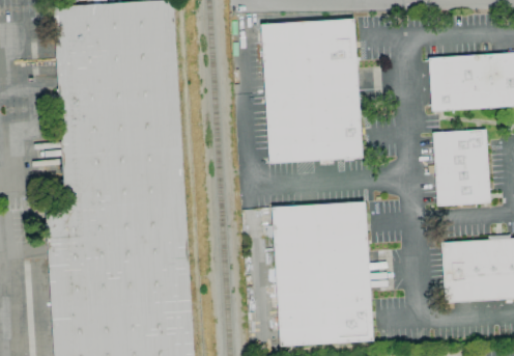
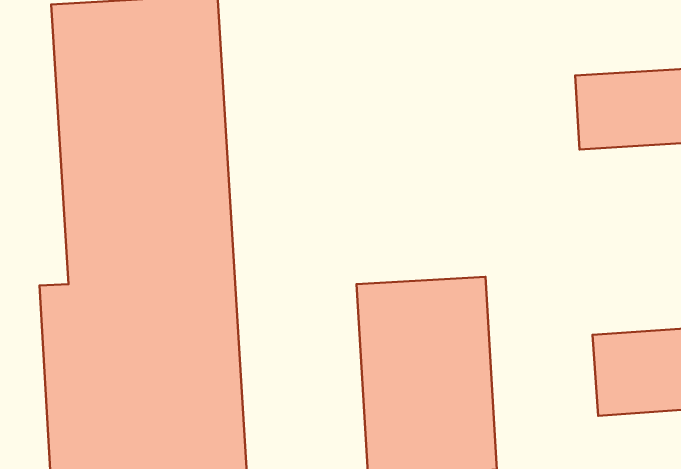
building: [261,19,363,163] -> none
building: [433,129,490,206] -> none

